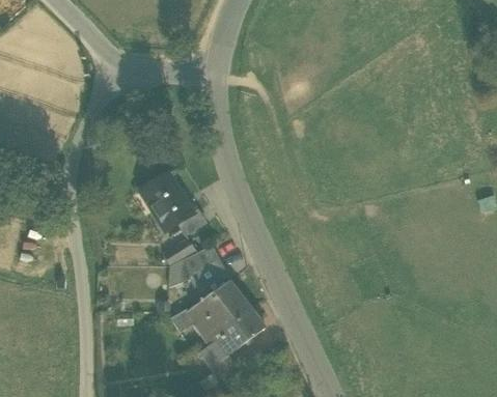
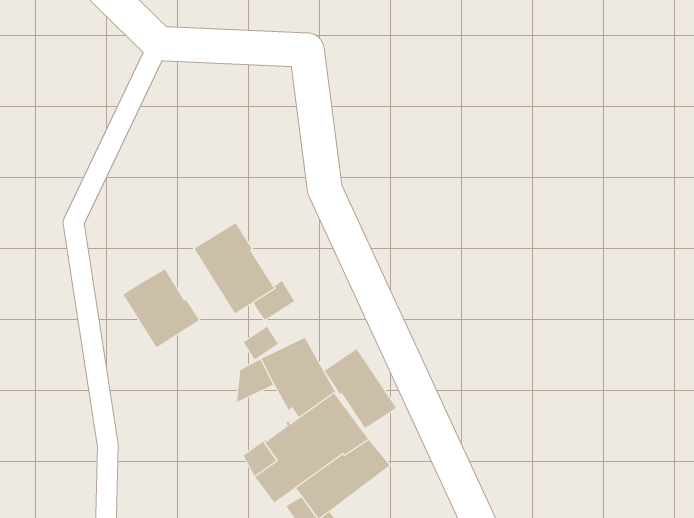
building: none -> [123,268,200,348]
building: none -> [324,348,397,429]

